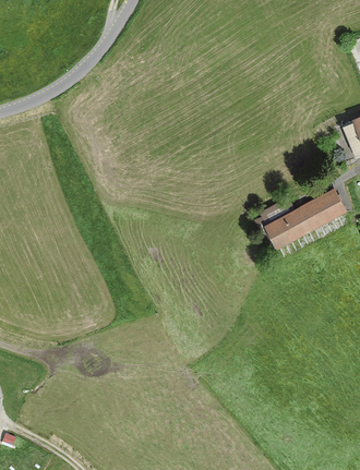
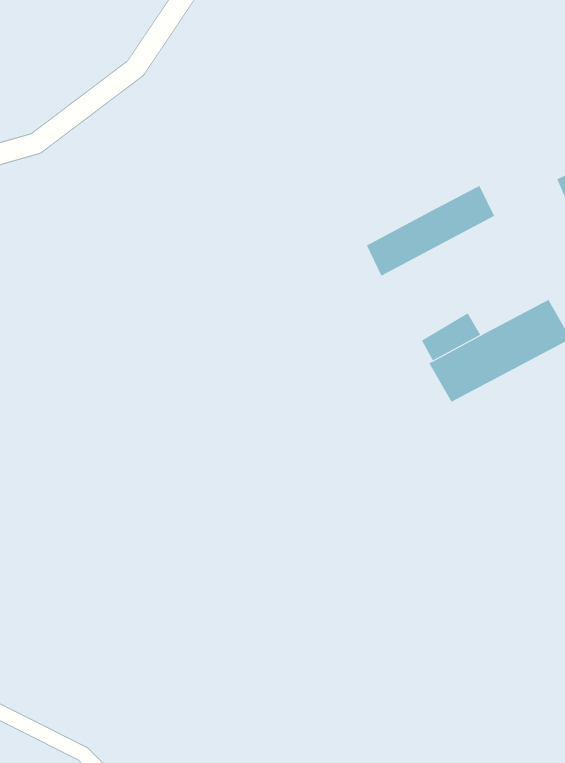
building: none -> [366,185,495,276]

